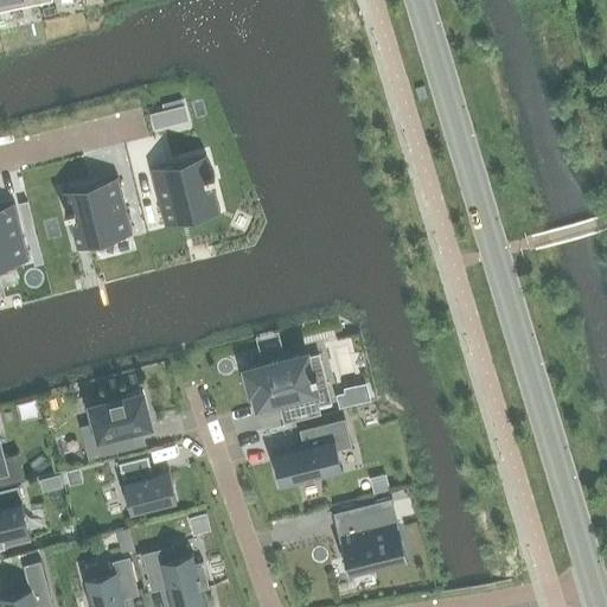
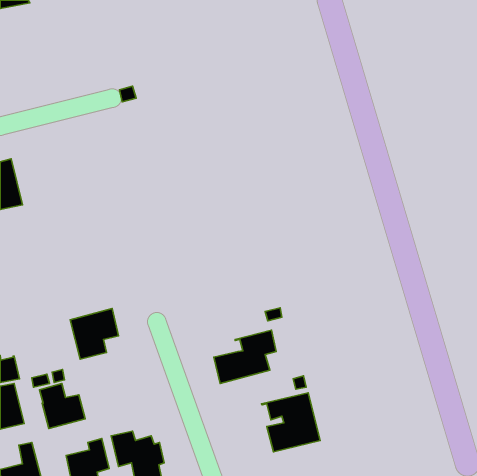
building: [151,155,221,226] -> none
building: [62,178,133,245] -> none
building: [245,357,332,413] -> none
building: [119,458,177,515] -> [40,383,85,428]

